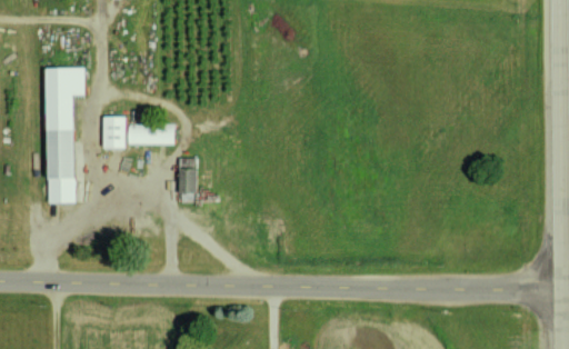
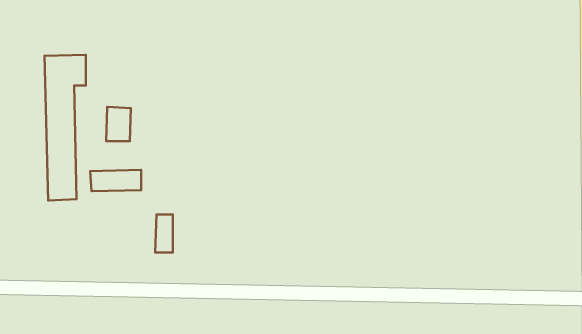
building: [126,124,173,144] -> [90,170,141,191]
building: [179,168,196,203] -> [155,215,173,253]

